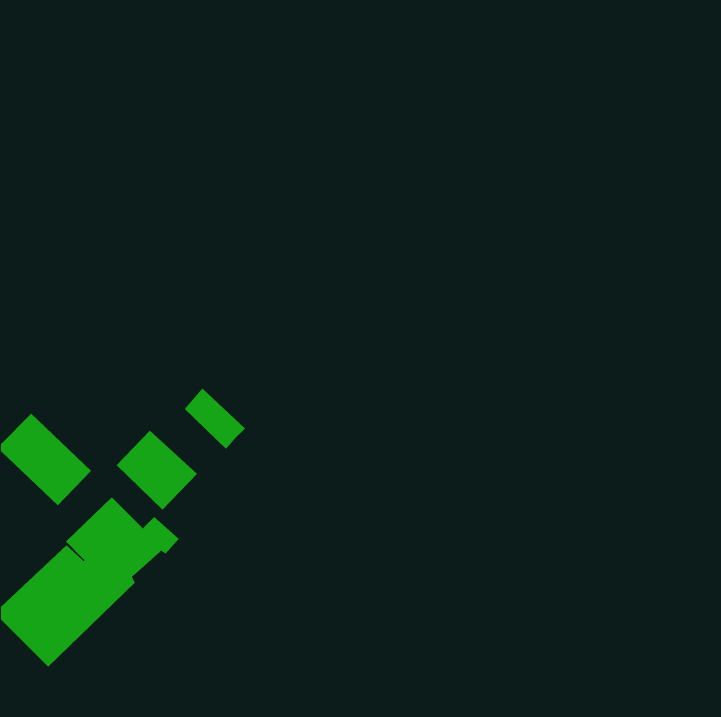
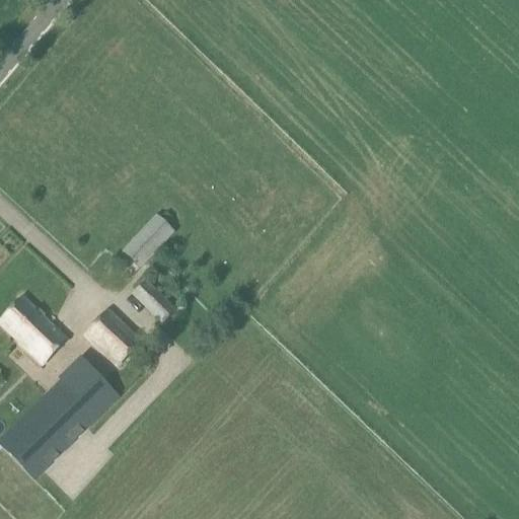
building: none -> [123,213,175,267]

